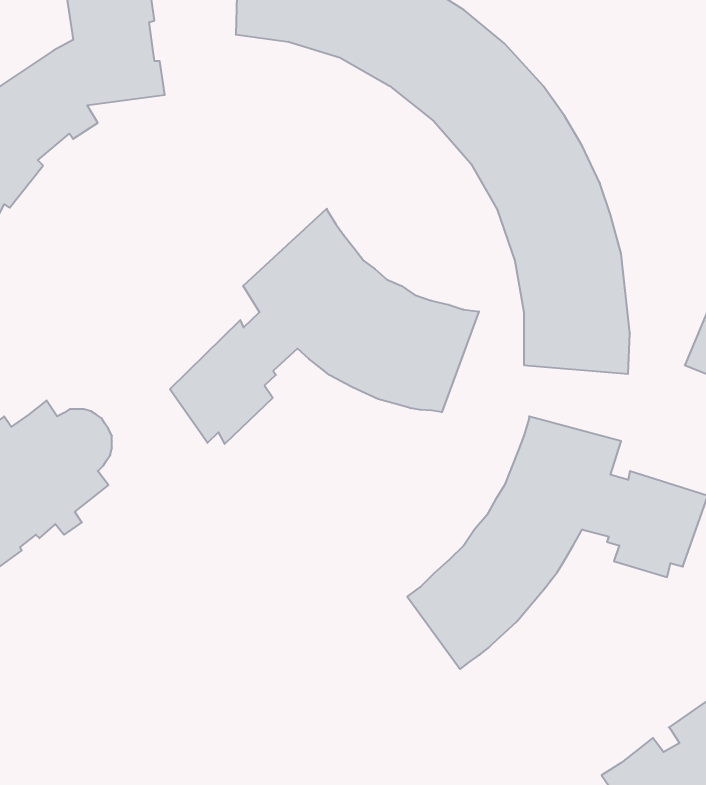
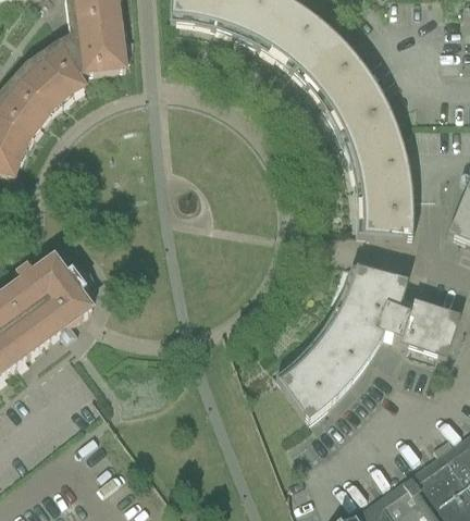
building: [170,209,479,444] -> none

